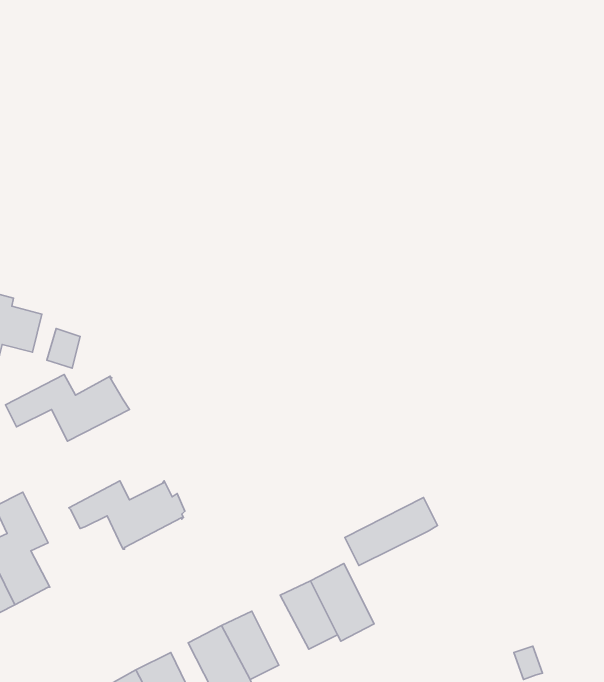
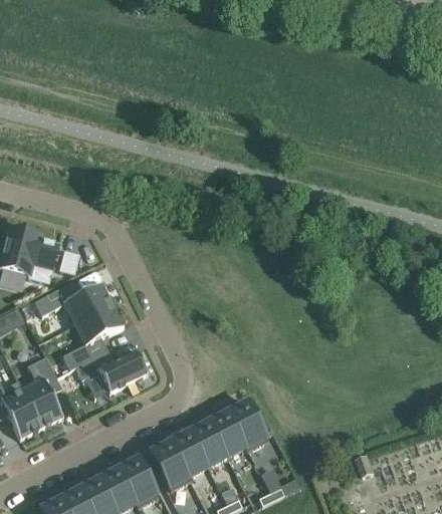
building: none -> [62,304,123,369]
building: [345,498,438,565] -> none
building: none -> [190,422,226,466]

